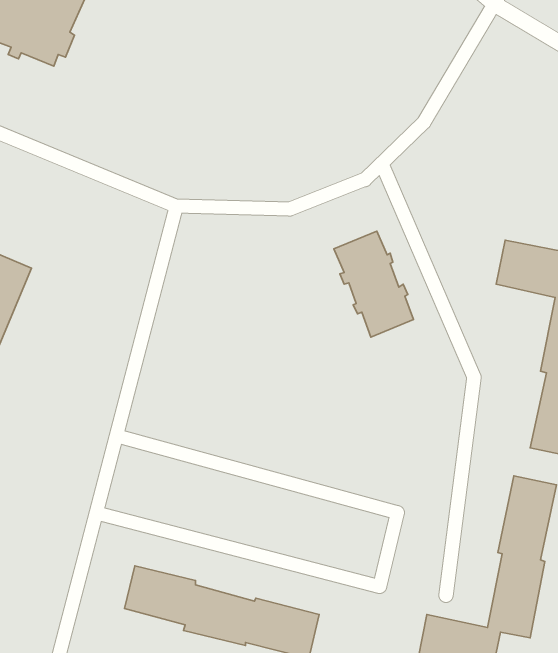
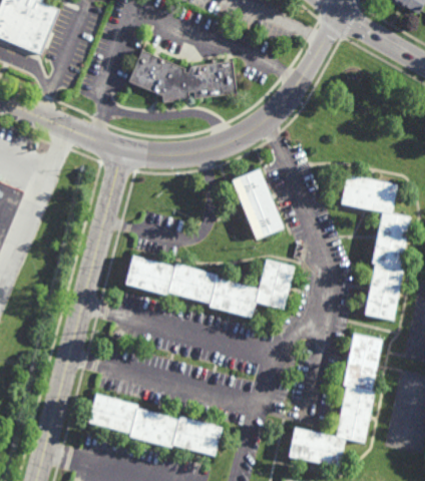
building: none -> [126,48,236,101]
building: none -> [123,254,295,319]

